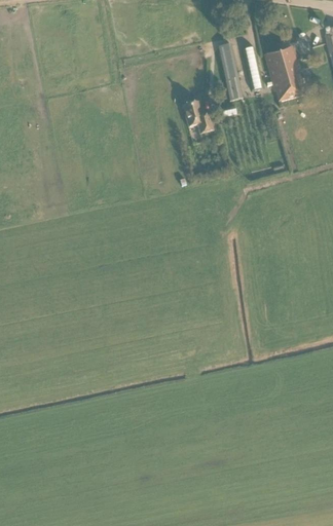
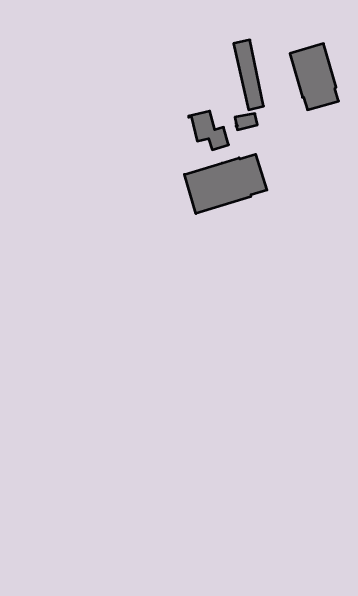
building: none -> [184,154,267,214]

